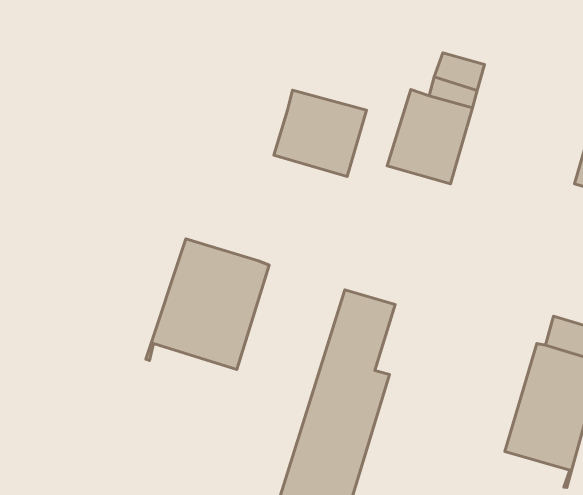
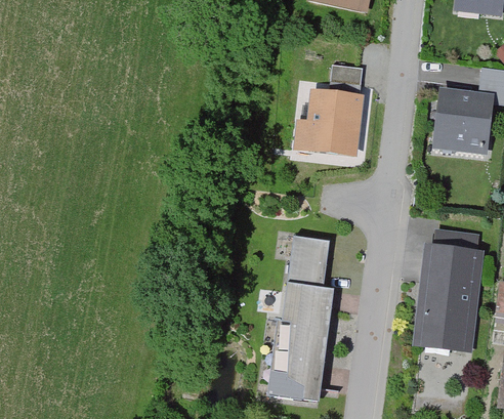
building: [274,90,367,177] -> none
building: [146,239,269,370] -> none

